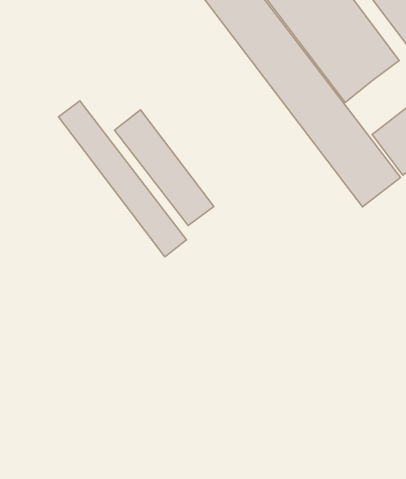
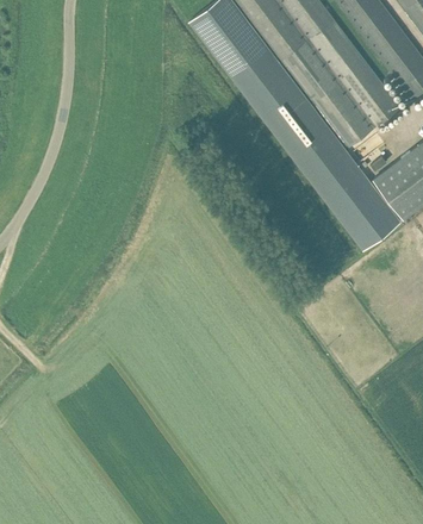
building: [58,101,186,257] -> none
building: [115,110,214,226] -> none

